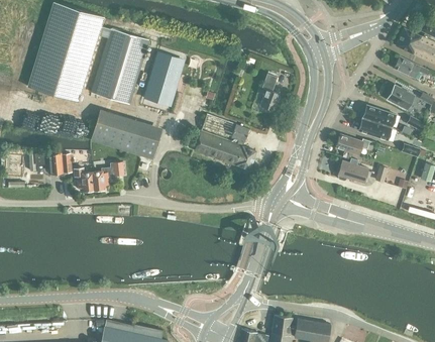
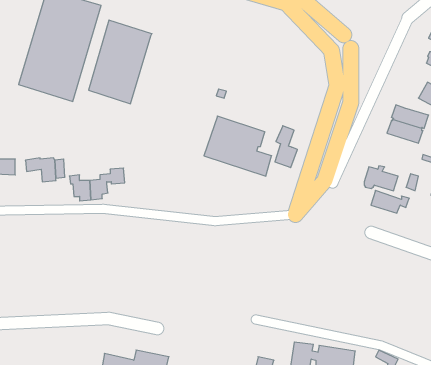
building: [143,52,179,105] -> none
building: [260,74,281,111] -> [275,126,297,168]
building: [91,116,160,160] -> none
building: [335,134,369,154] -> [371,190,409,213]

